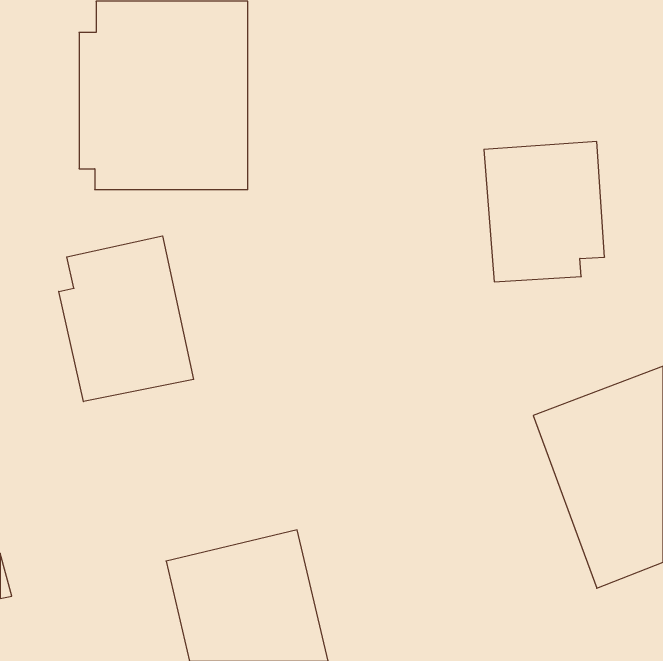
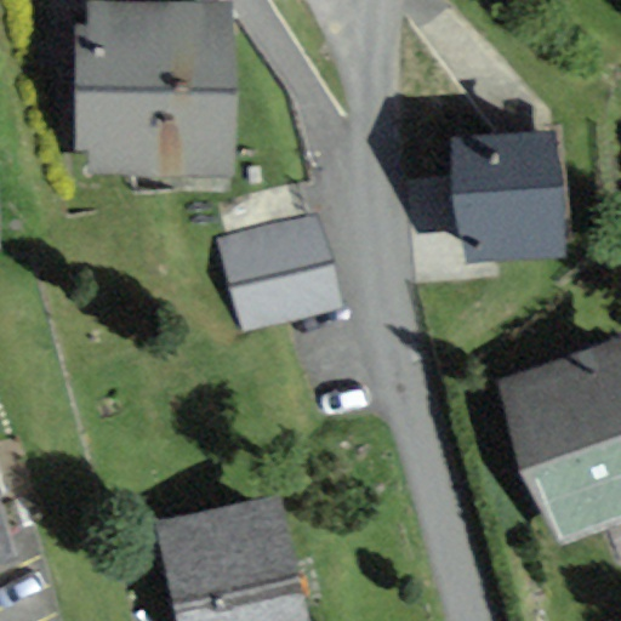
building: none -> [216,210,344,326]
building: [59,236,194,402] -> none

